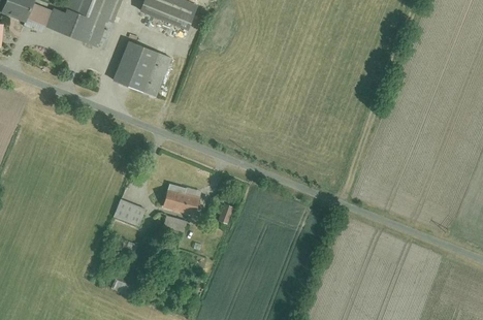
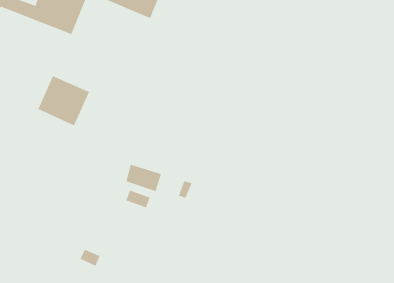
building: [114,42,170,97] -> [37,76,90,126]
building: [112,197,146,226] -> none

